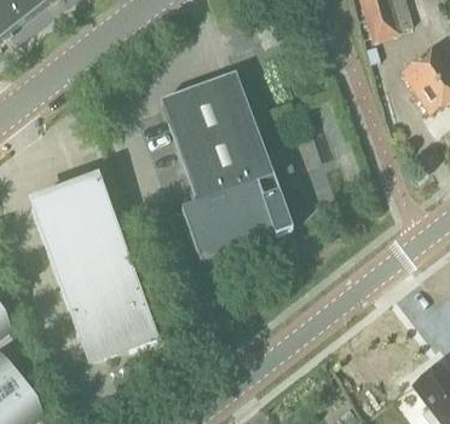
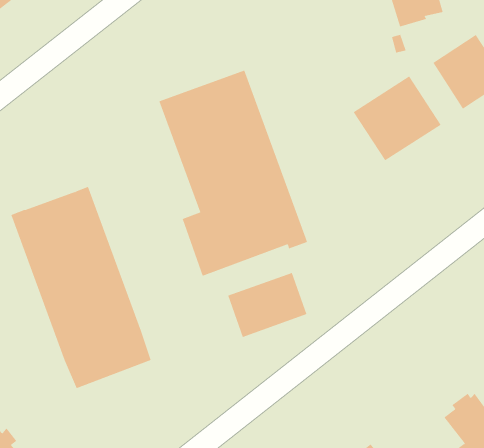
building: none -> [353,76,441,161]
building: none -> [228,272,307,338]

